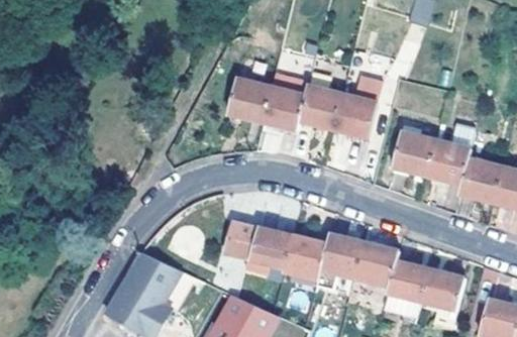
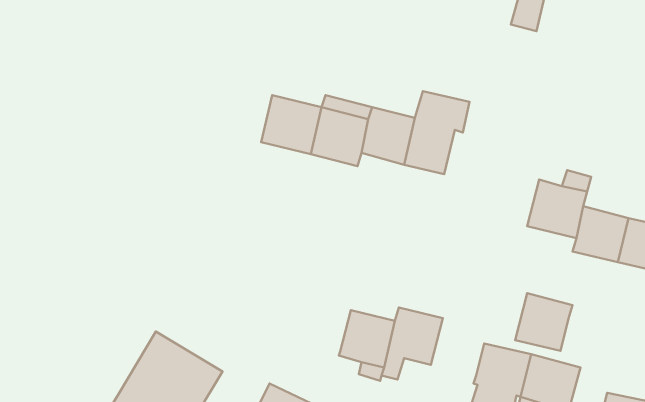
building: [390,129,432,173] -> none
building: [221,220,290,271] -> none
building: [350,242,394,286] -> [515,293,572,351]

